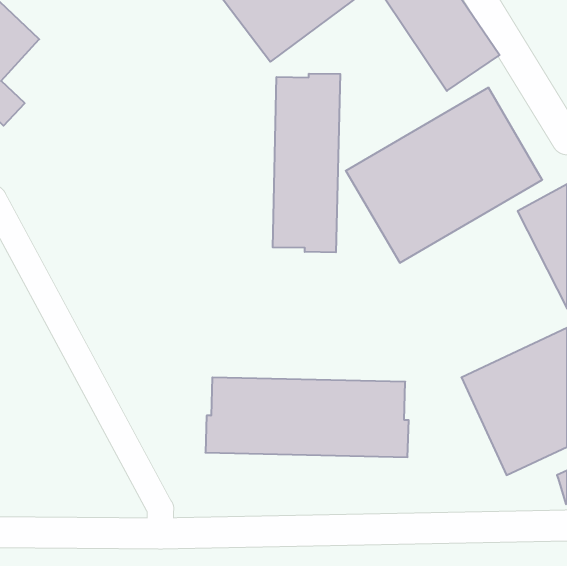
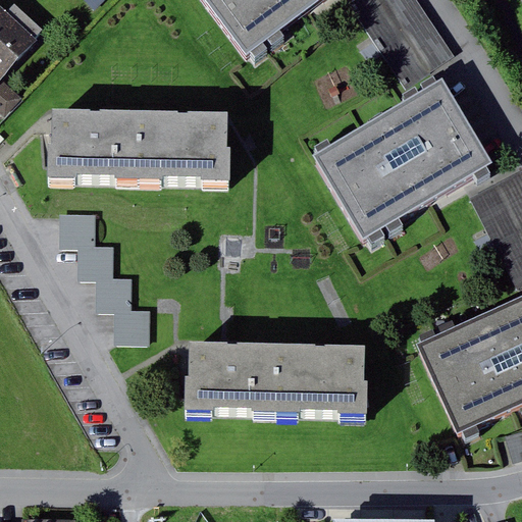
building: [273,74,340,252] -> none
building: none -> [47,113,231,186]
building: none -> [59,210,149,341]

